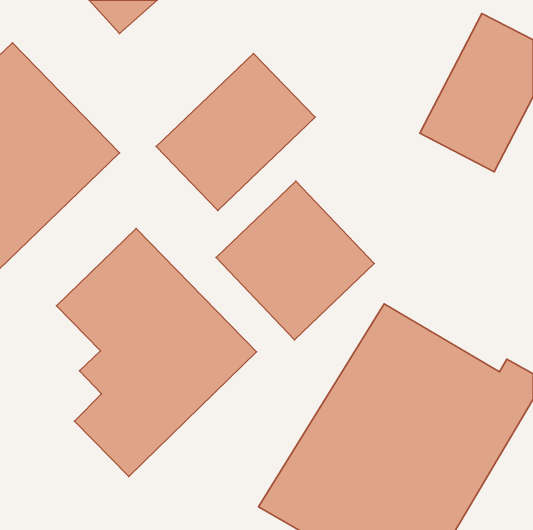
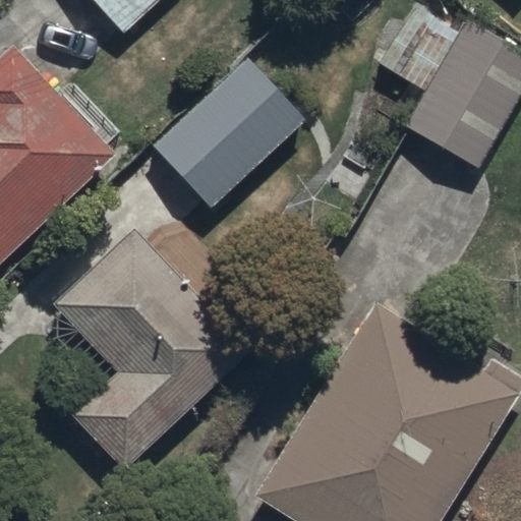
building: [216,181,374,340] -> none

